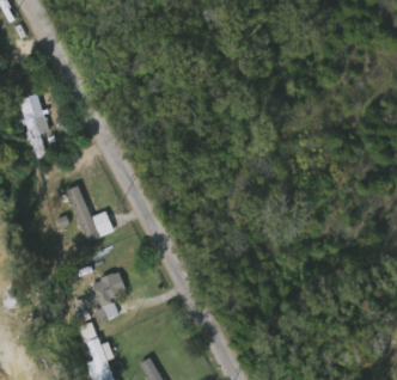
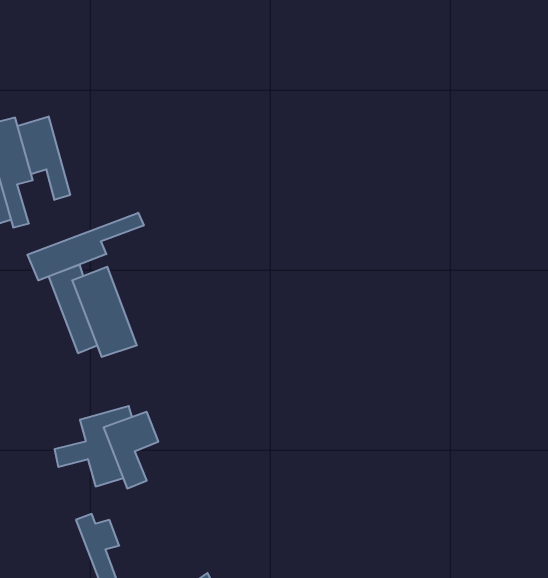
building: none -> [17,116,70,200]
building: none -> [27,213,144,280]

